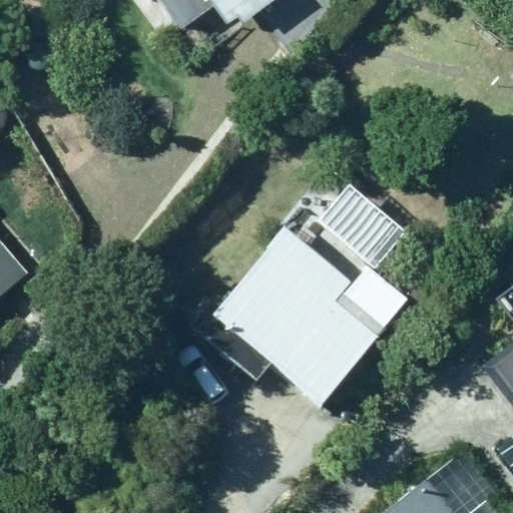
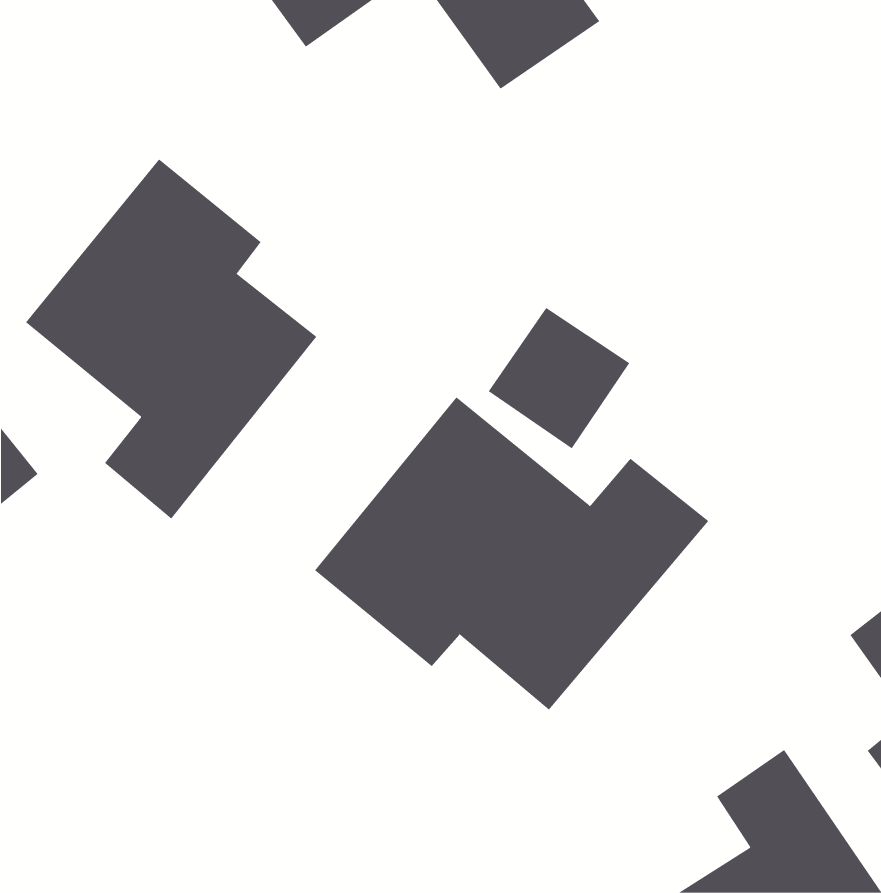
building: none -> [25,158,317,520]

